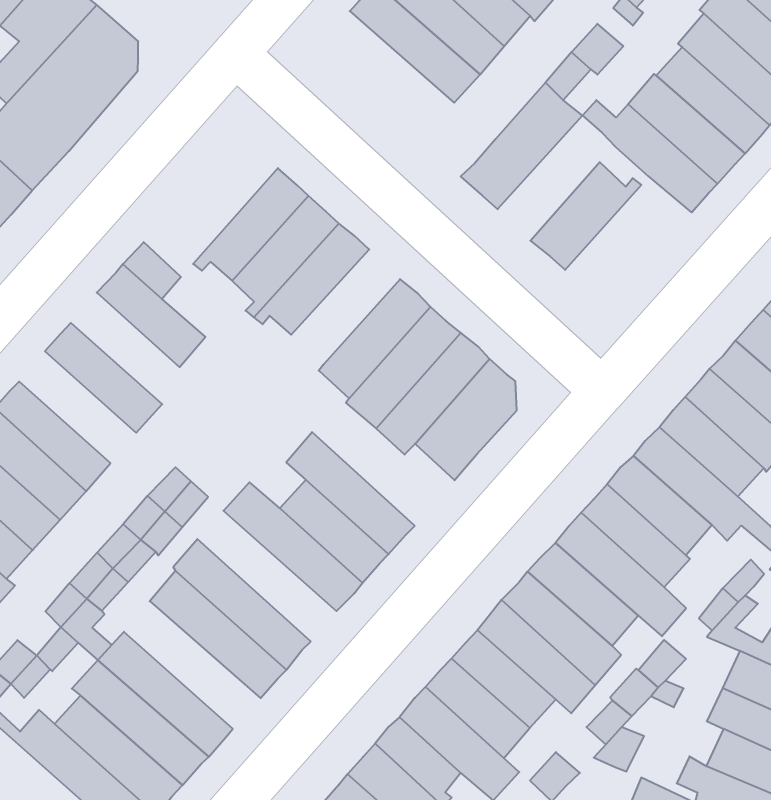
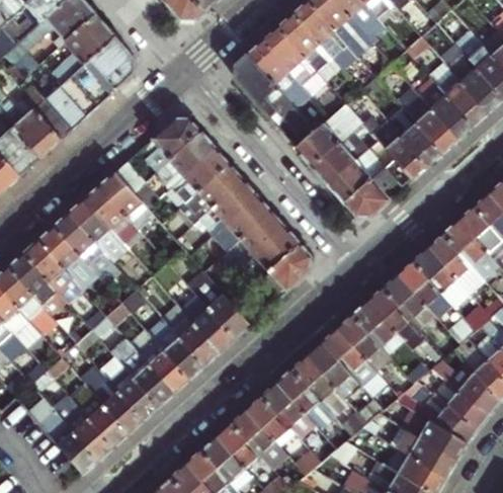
building: none -> [235,55,315,141]
building: none -> [312,122,376,184]
building: none -> [140,118,200,176]
building: none -> [343,158,412,216]
building: none -> [192,179,257,236]
building: none -> [84,185,146,251]
building: none -> [54,213,120,284]
building: none -> [137,306,204,379]
building: none -> [93,348,160,419]

